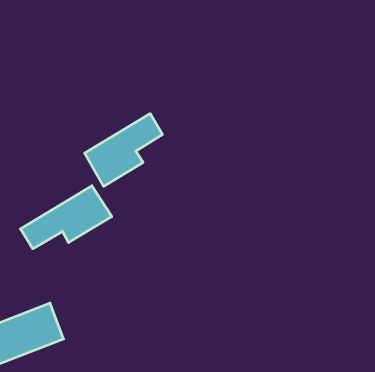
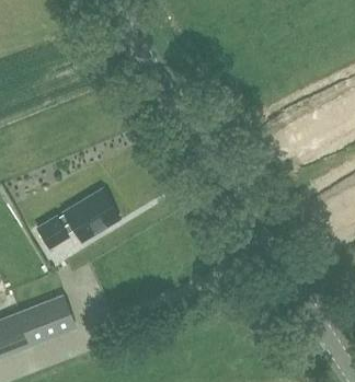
building: [85,114,162,186] -> none

